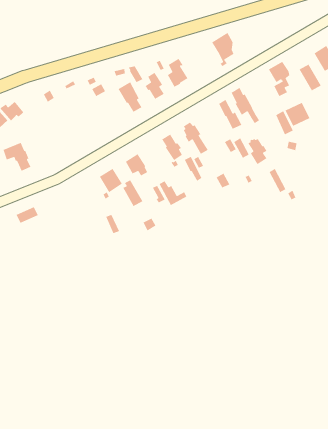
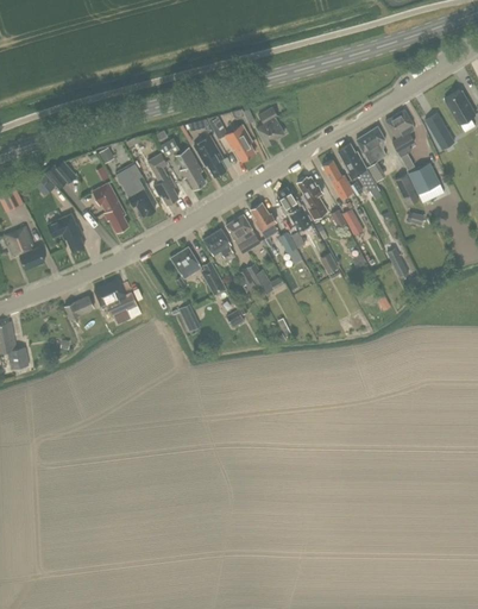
building: [211,32,234,67] -> [356,126,385,171]
building: none -> [175,147,205,188]
building: none -> [147,152,178,203]
building: none -> [115,162,155,215]
building: none -> [92,182,128,231]
building: [247,138,268,165] -> [296,176,322,211]
building: none -> [225,214,260,253]
building: none -> [94,278,140,318]

